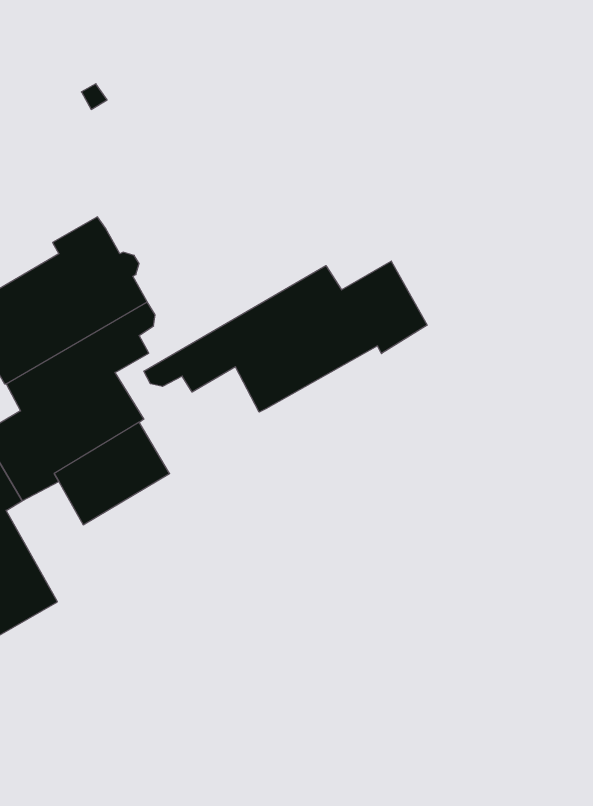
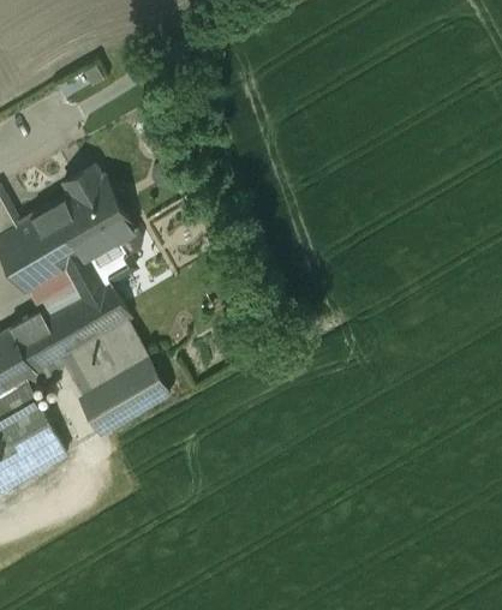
building: [144,261,427,412] -> none
building: none -> [79,359,166,431]

